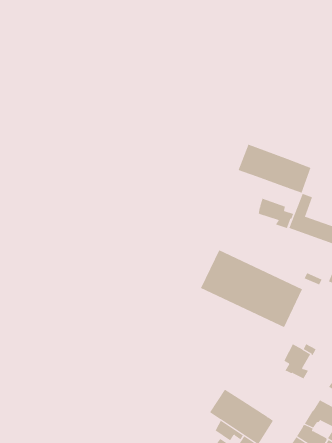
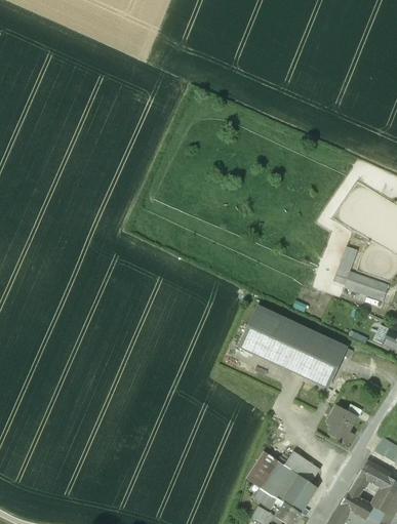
building: [238,144,311,194] -> none
building: [258,198,294,229] -> none
building: none -> [283,451,319,483]

